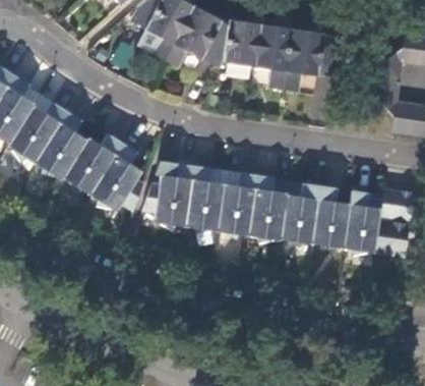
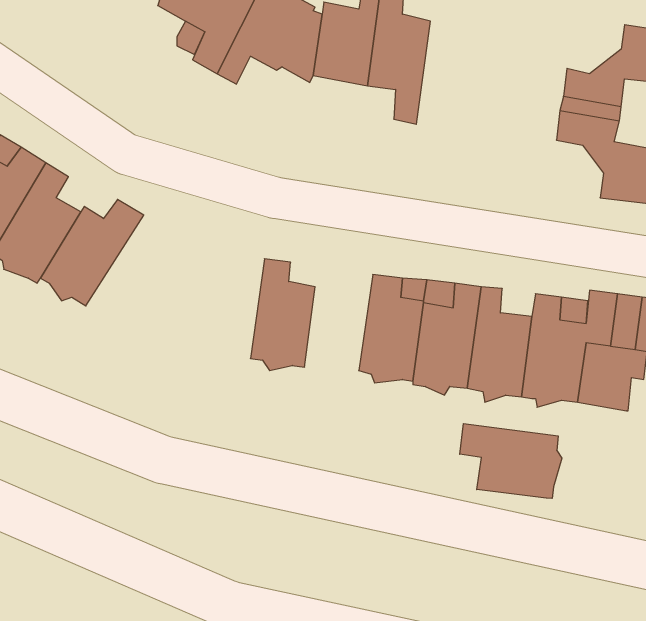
building: [284,30,339,92] -> none
building: [92,143,146,213] -> none
building: [144,166,195,231] -> none
building: [219,174,258,238] -> none
building: none -> [460,424,562,498]

